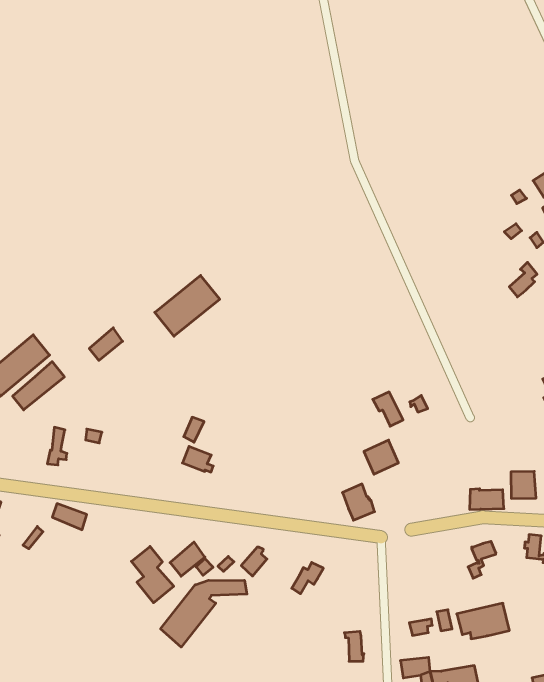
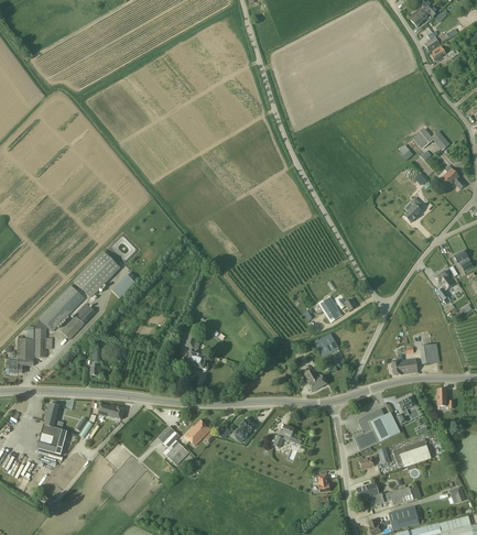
building: [155,275,220,336] -> [74,252,119,297]
building: none -> [353,408,400,451]
building: [161,580,247,647] -> none

